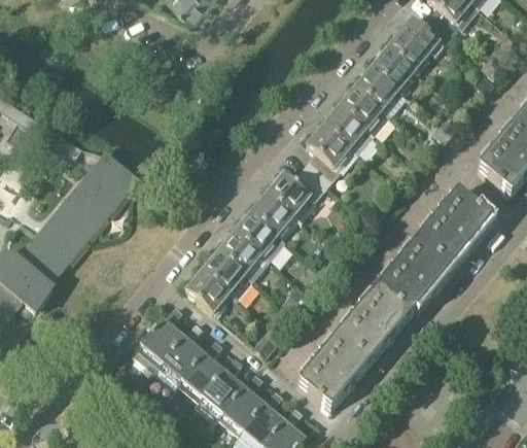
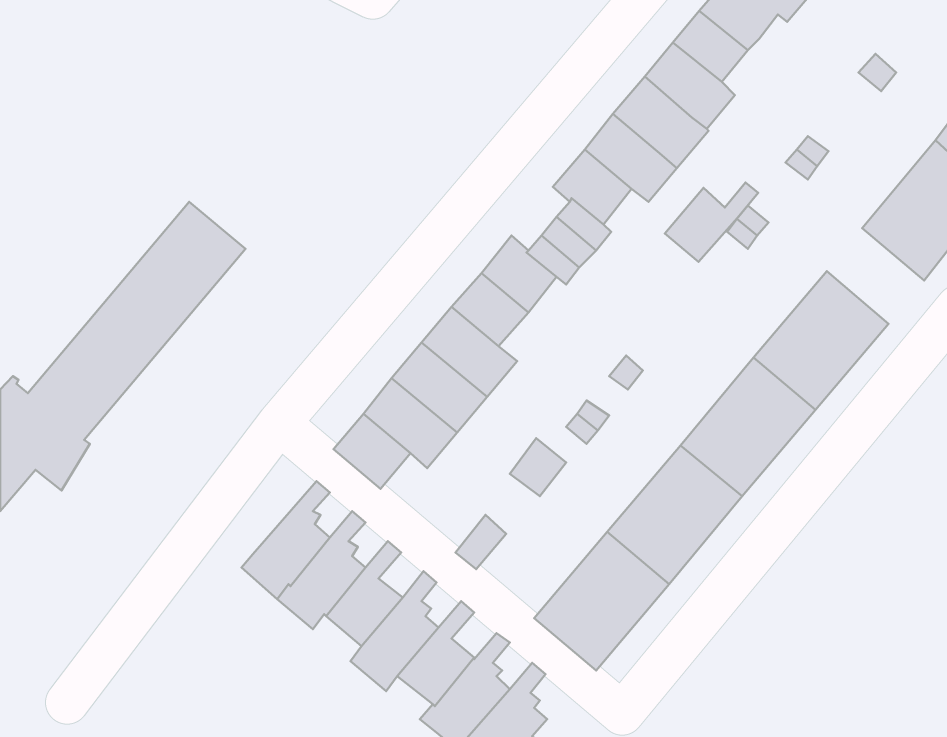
building: none -> [665,182,758,262]

